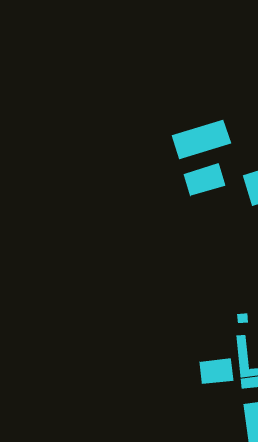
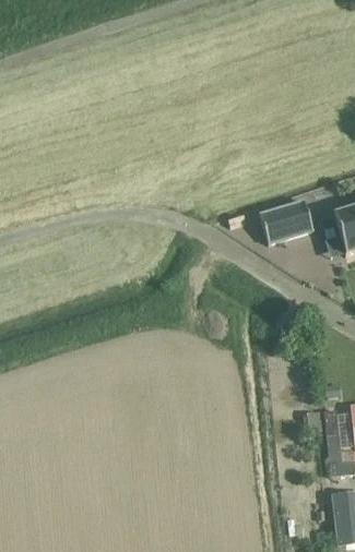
building: [171,119,232,160] -> none
building: [199,357,234,385] -> none

